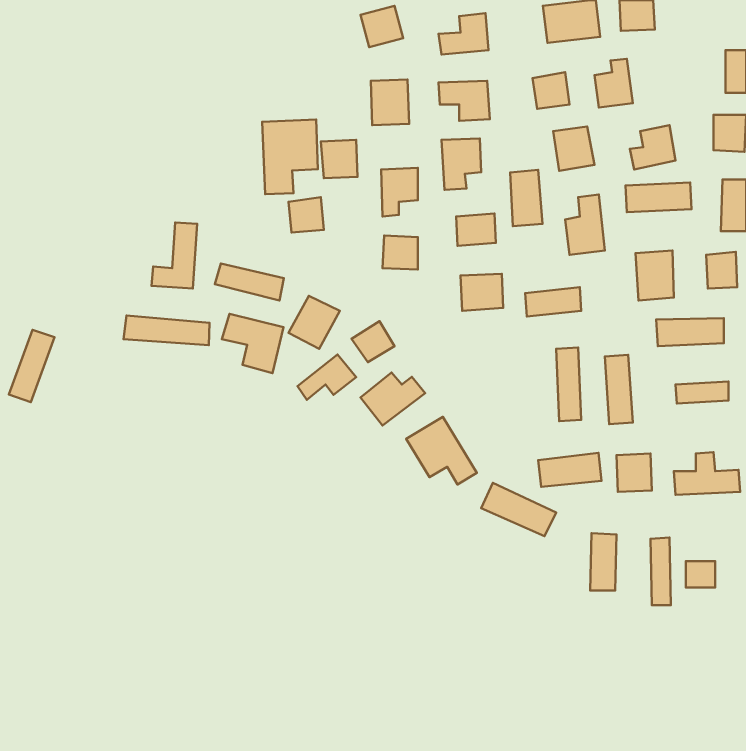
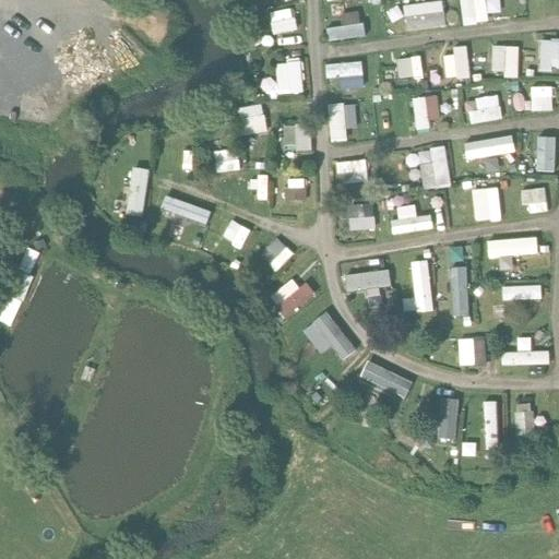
building: none -> [490,45,518,79]
building: [262,119,318,194] -> none
building: [510,170,542,226] -> none
building: [222,314,283,373] -> none
building: [124,316,210,345] -> none
building: [297,354,356,400] -> none
building: [538,453,601,487] -> [344,267,391,293]

